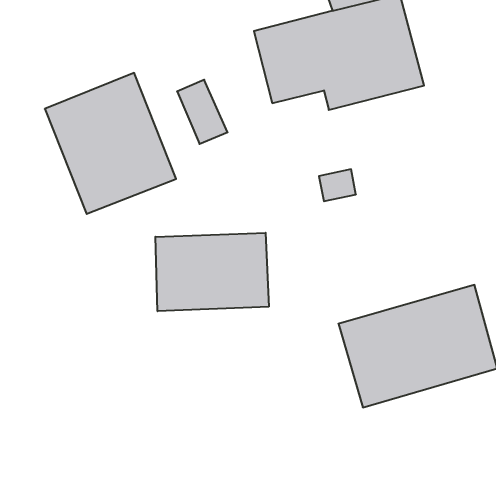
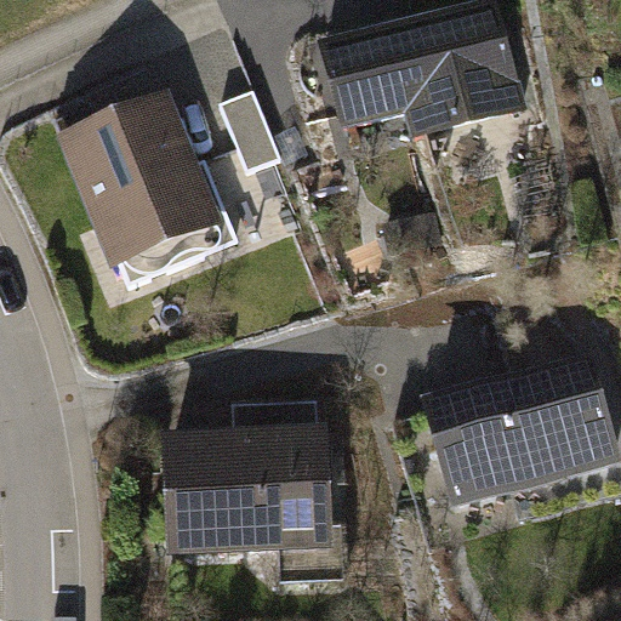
building: [155,233,269,311] -> none
building: none -> [160,401,335,557]

